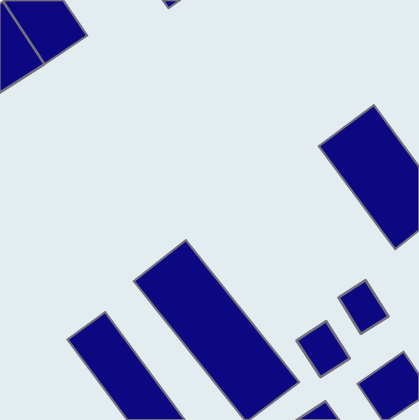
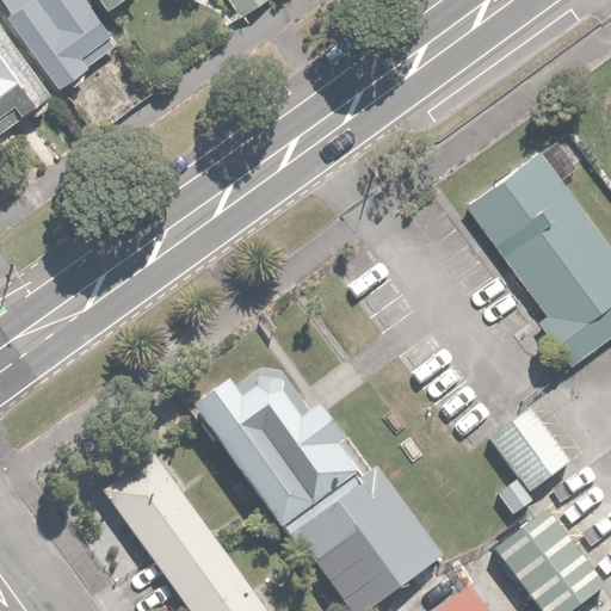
building: [296,321,350,377] -> none

